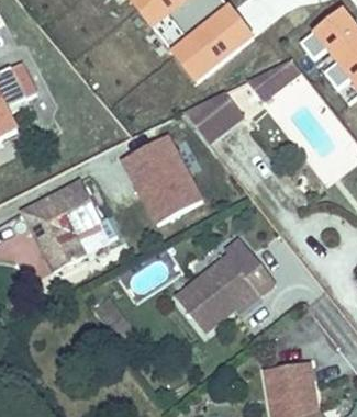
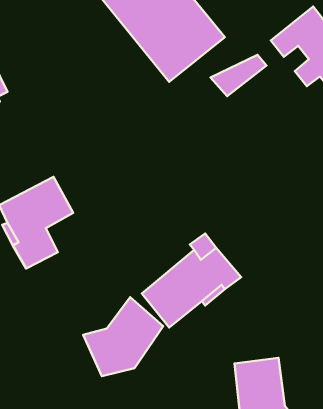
building: [179,90,238,140] -> none
building: [120,134,205,227] -> none
building: none -> [83,297,163,376]

